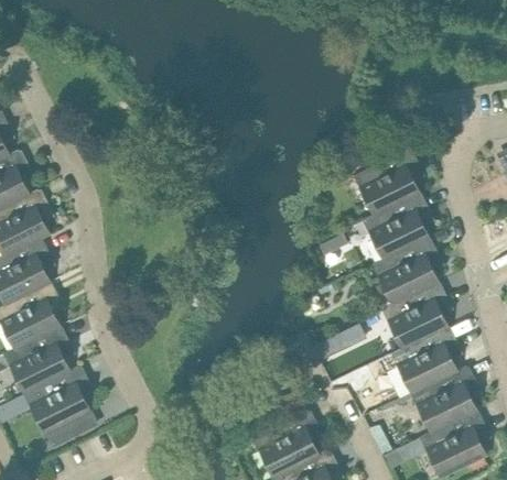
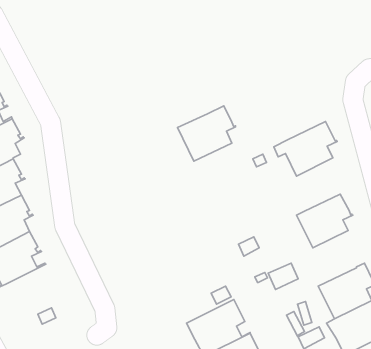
building: [352,149,422,216] -> [177,106,236,161]
building: [373,238,441,303] -> none
building: [389,326,460,393] -> none
building: [30,367,93,433] -> none

